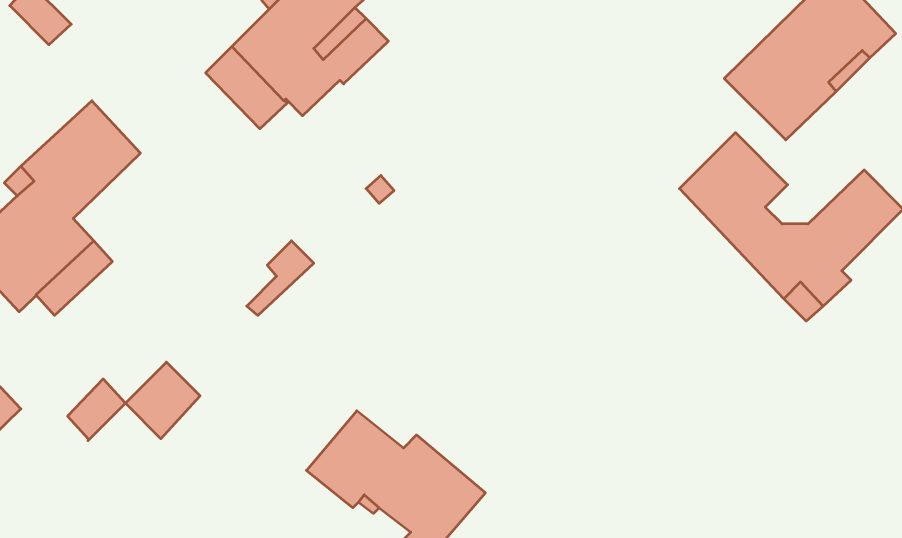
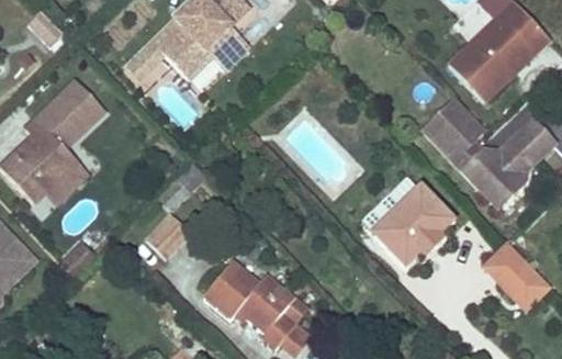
building: none -> [371,184,454,268]
building: [125,362,200,439] -> [146,212,190,257]
building: none -> [485,243,549,306]

